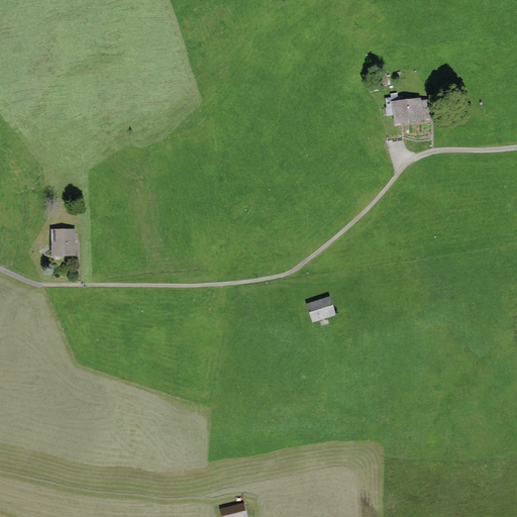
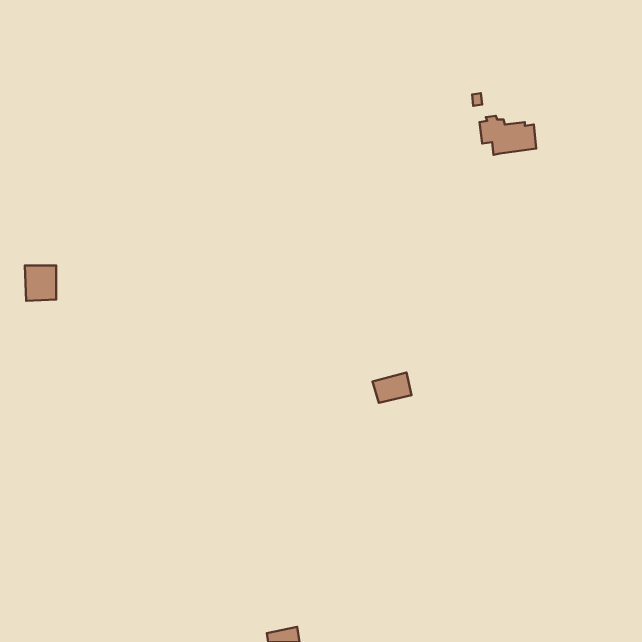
building: [53,230,78,258] -> [25,266,56,301]

